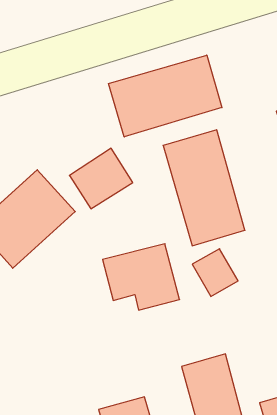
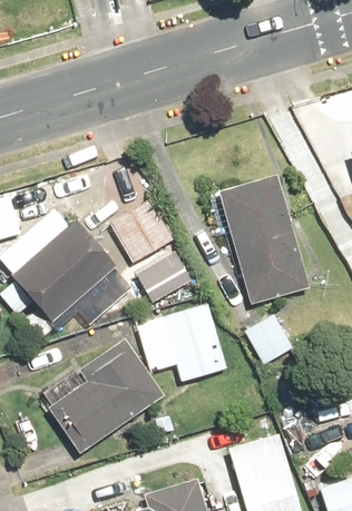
building: [109,55,222,137] -> none
building: none -> [144,249,201,303]
building: none -> [46,338,162,454]

